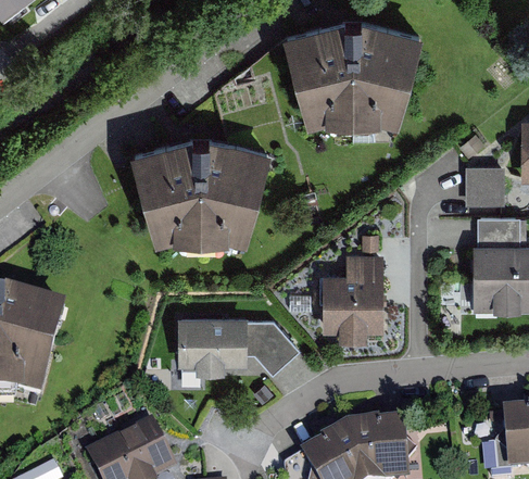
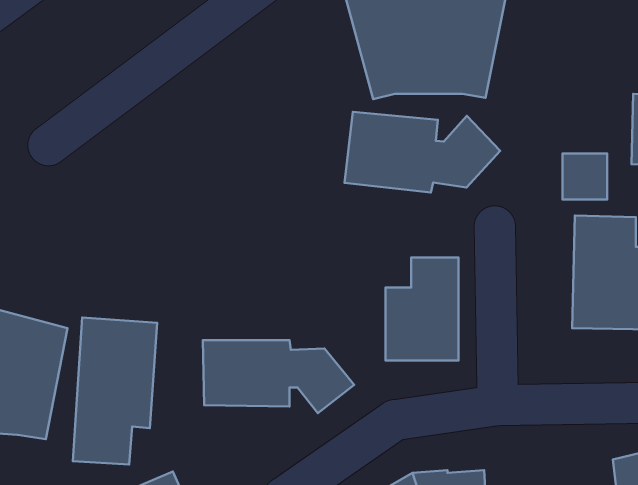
building: none -> [344,112,500,193]
building: [136,138,269,244] -> none
building: none -> [73,318,157,465]

